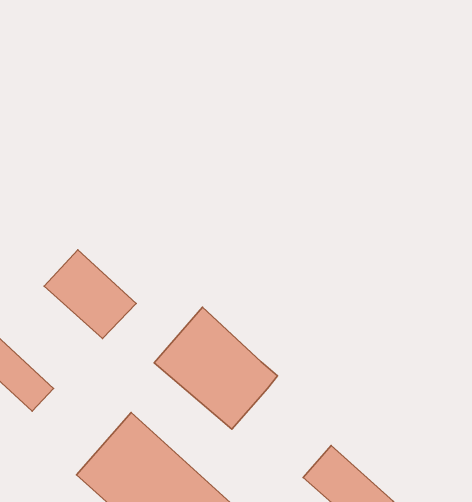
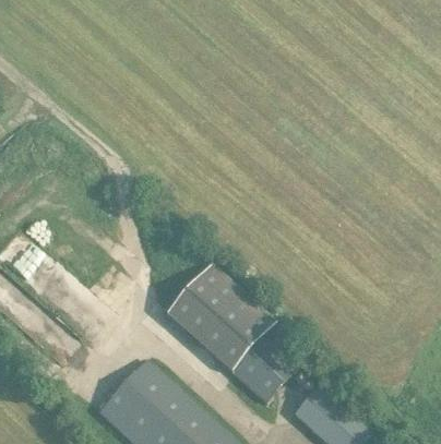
building: [44,250,136,339] -> none
building: none -> [234,337,296,400]

